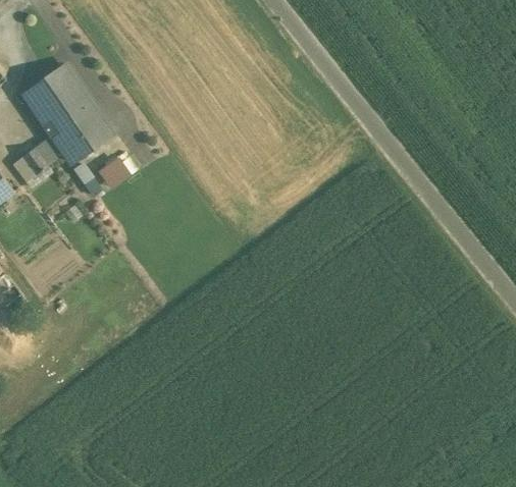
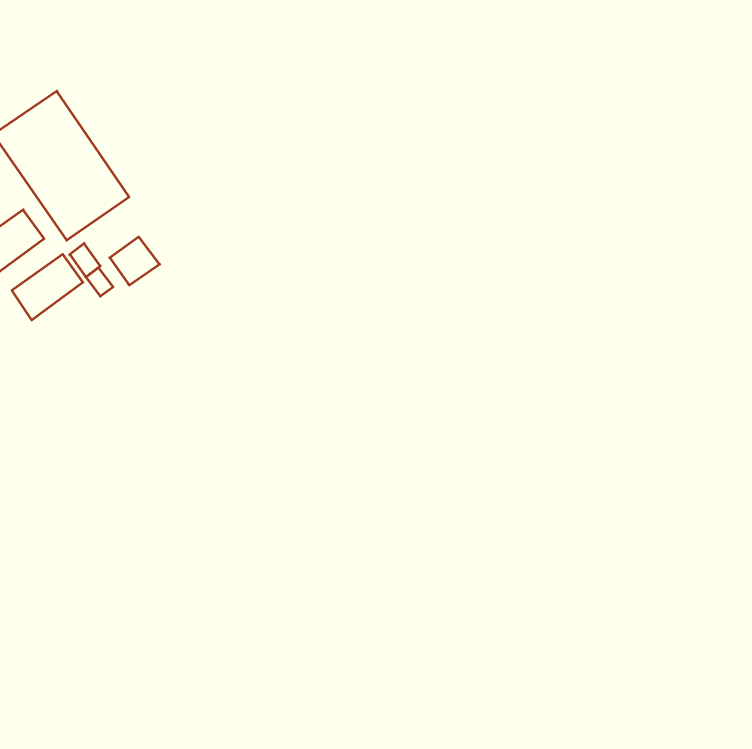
building: none -> [12,254,83,320]

